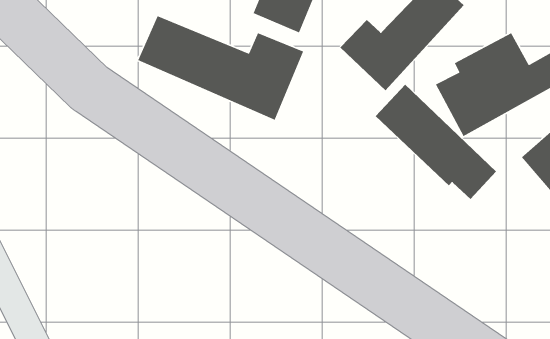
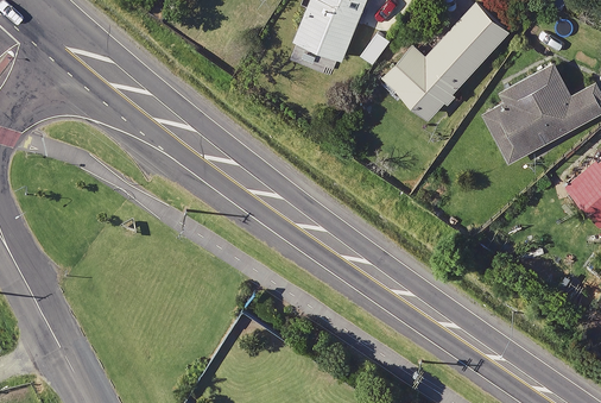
building: [137,15,304,121] -> none
building: [375,84,497,200] -> none

